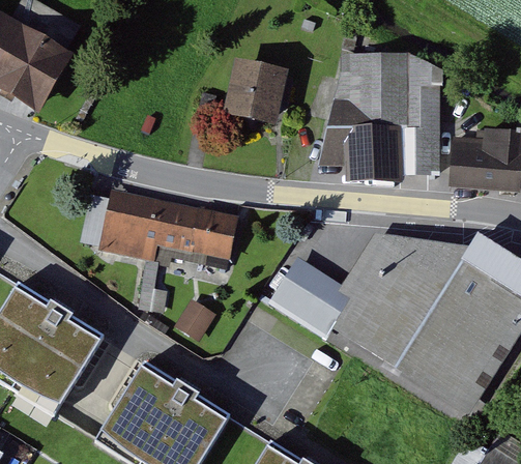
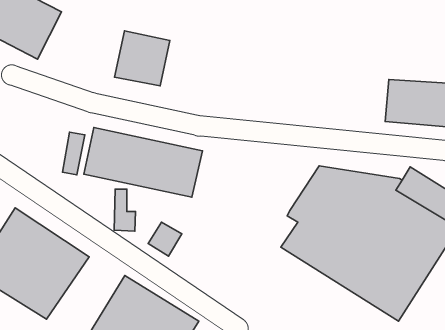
building: [318,53,437,179] -> none
building: [226,56,290,120] -> [115,31,170,86]
building: [265,258,348,340] -> none

